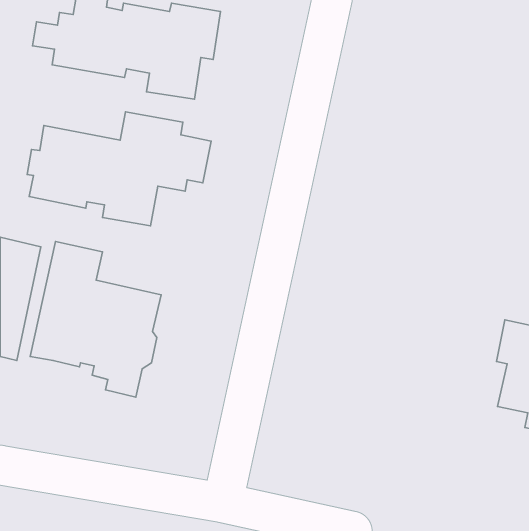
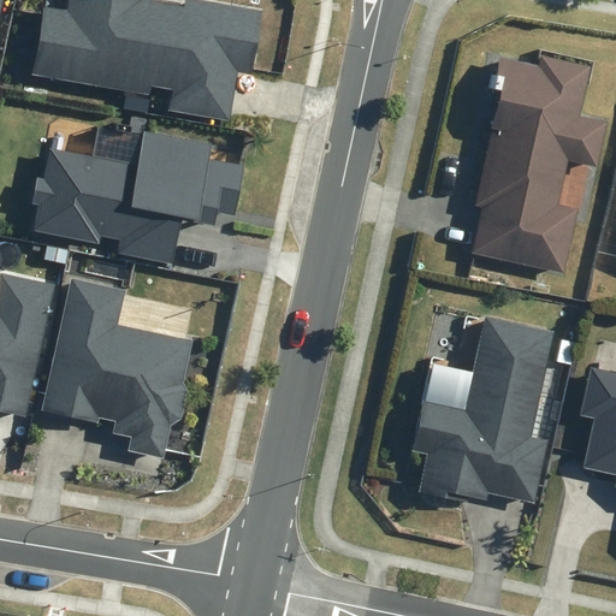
building: none -> [466,58,604,279]
building: none -> [408,316,551,504]

